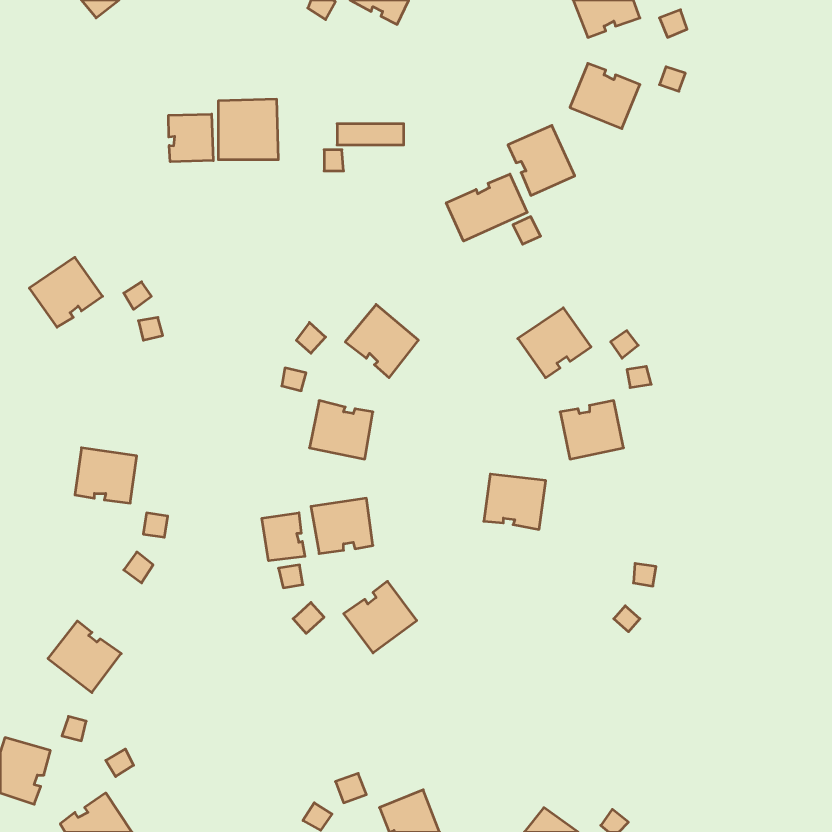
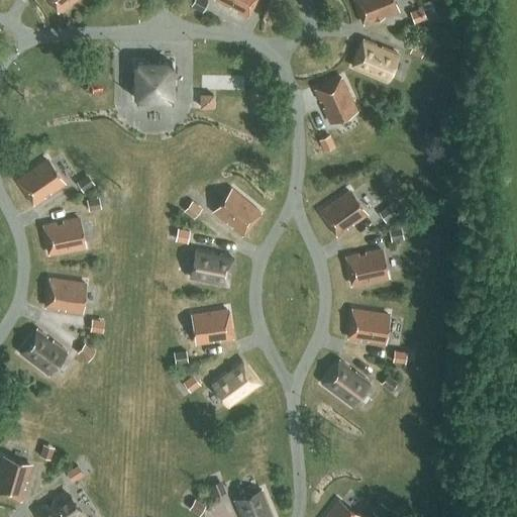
building: [169,114,213,162] -> none
building: [446,174,527,241] -> none
building: none -> [44,218,84,253]
building: [484,474,546,529] -> [349,309,388,343]
building: [262,513,305,561] -> none
building: none -> [323,360,369,404]
building: [48,621,121,693] -> [20,329,66,374]

